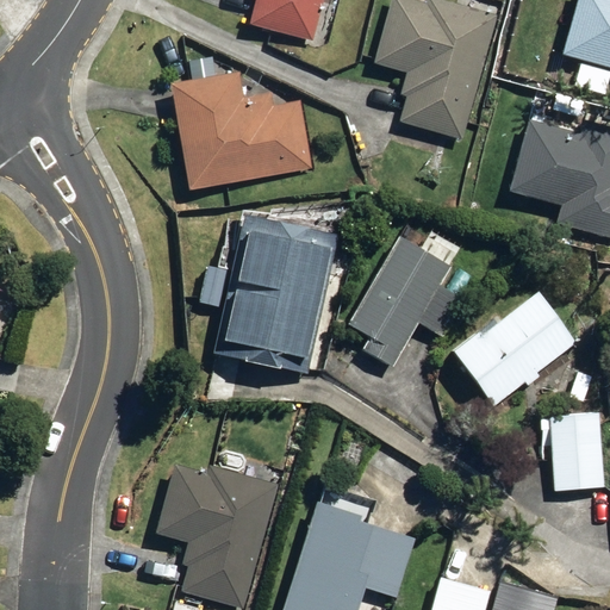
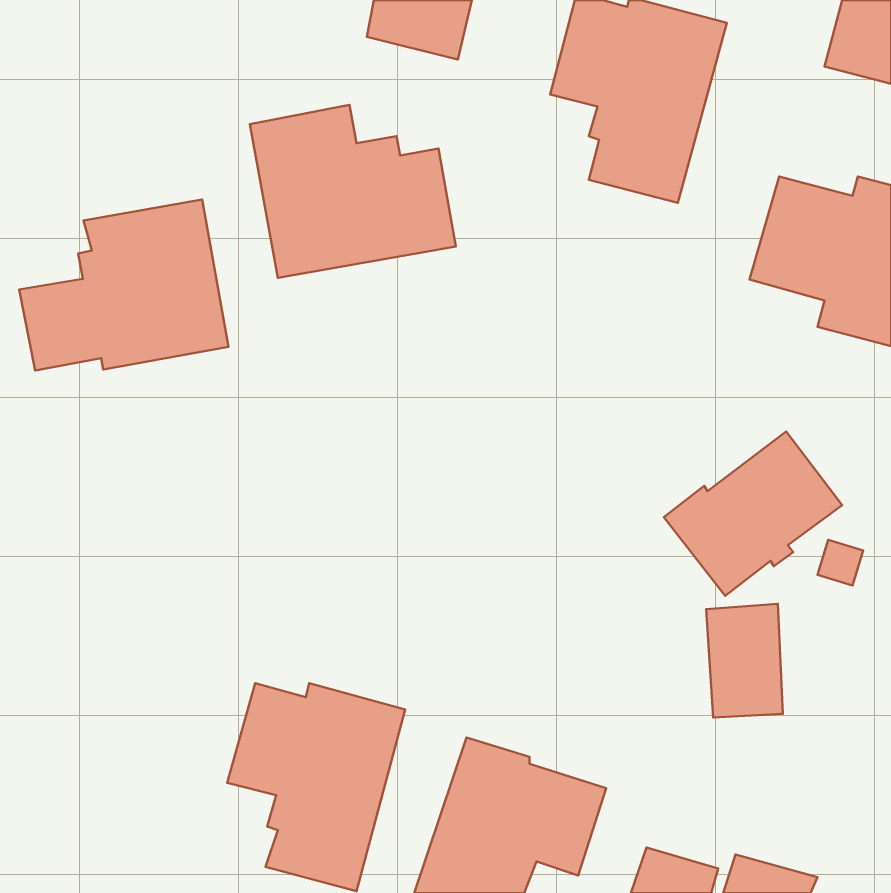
building: none -> [19,199,228,370]
building: [214,217,336,373] -> none
building: [349,238,462,366] -> none
building: [550,412,603,490] -> [706,604,783,717]

